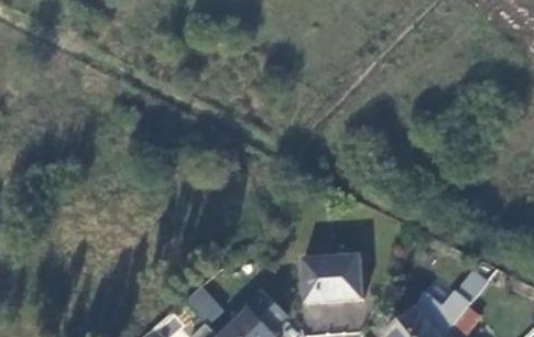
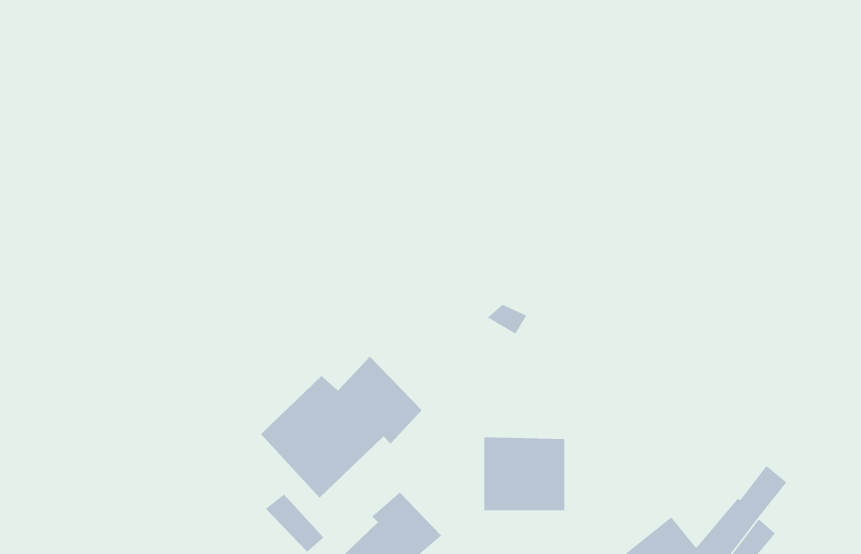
building: none -> [260,356,423,498]

